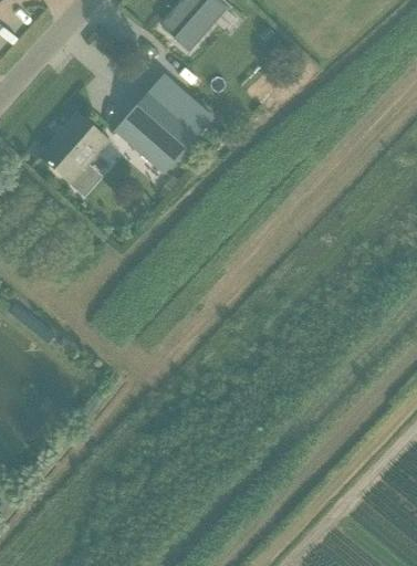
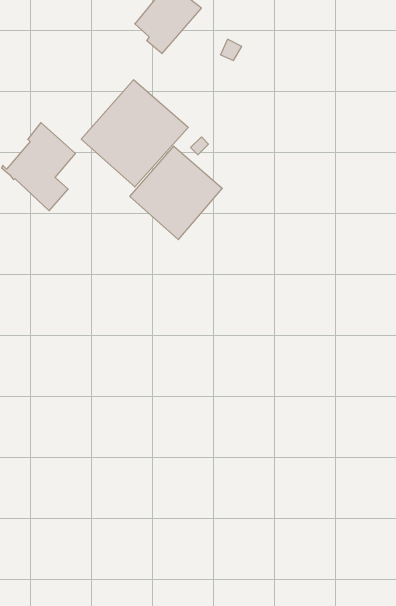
building: none -> [130,146,222,240]

